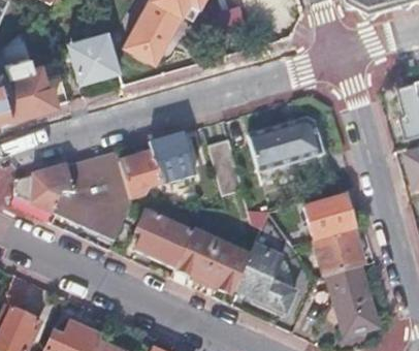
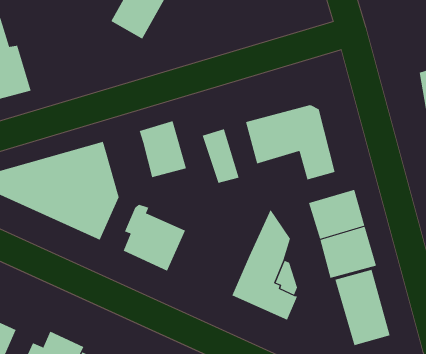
building: [69,31,120,82] -> none
building: [122,153,162,199] -> none
building: [176,231,250,295] -> none

